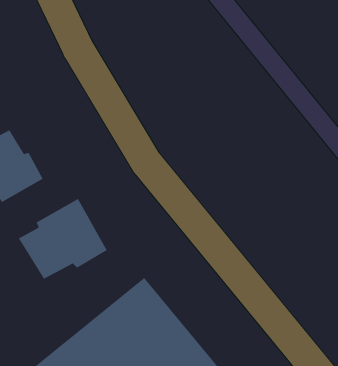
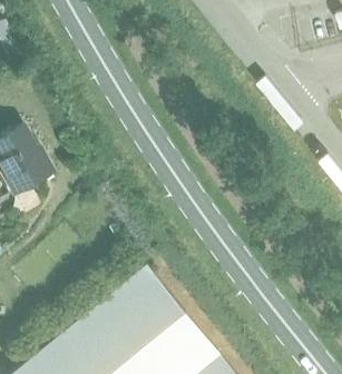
building: [18,198,107,280] -> none

